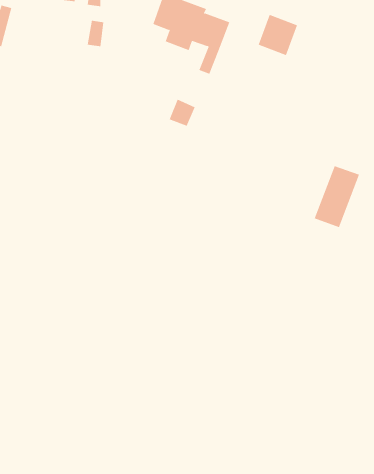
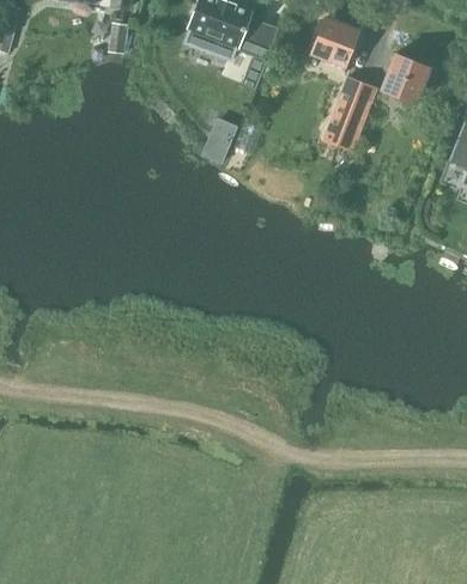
building: none -> [380,54,427,103]
building: [314,165,360,228] -> [321,77,375,150]

